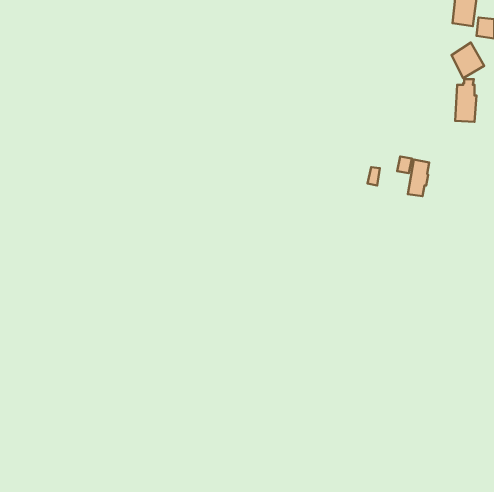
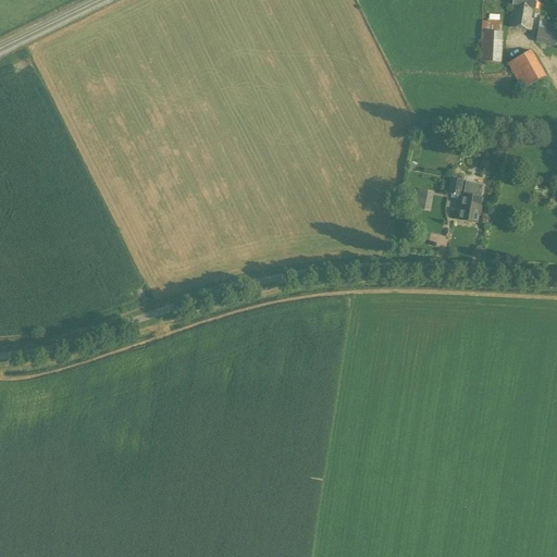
building: [455,79,477,122] -> [479,13,503,61]

